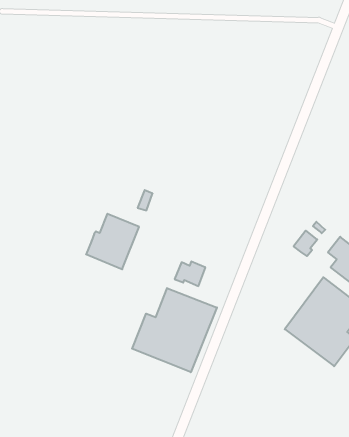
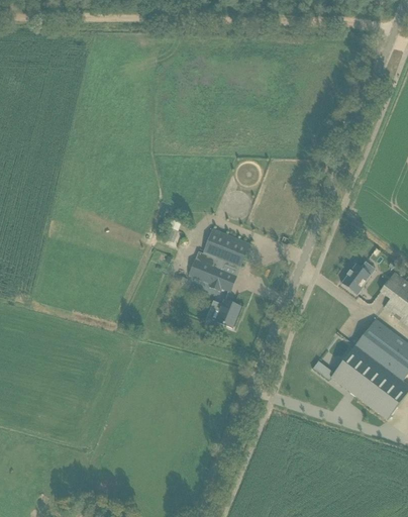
building: [86,214,139,269] -> [189,228,249,292]
building: [132,288,217,372] -> none

